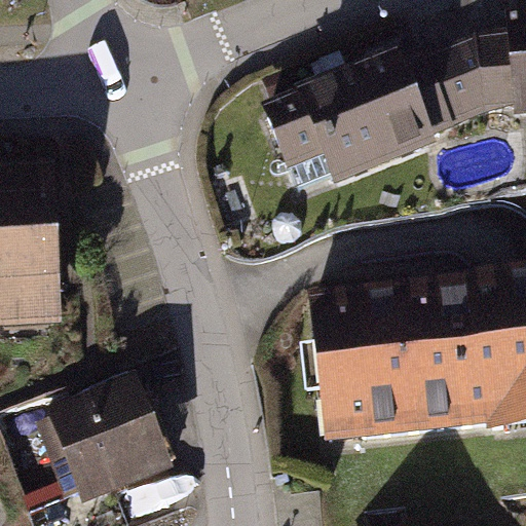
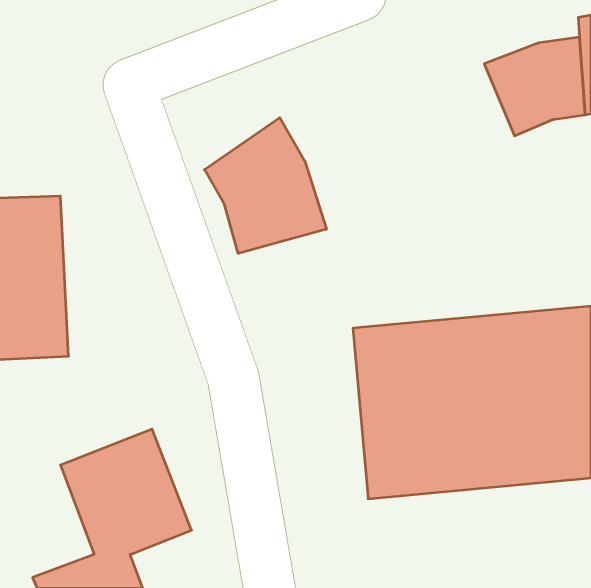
building: [266,54,434,179] -> none
building: none -> [204,118,326,253]

